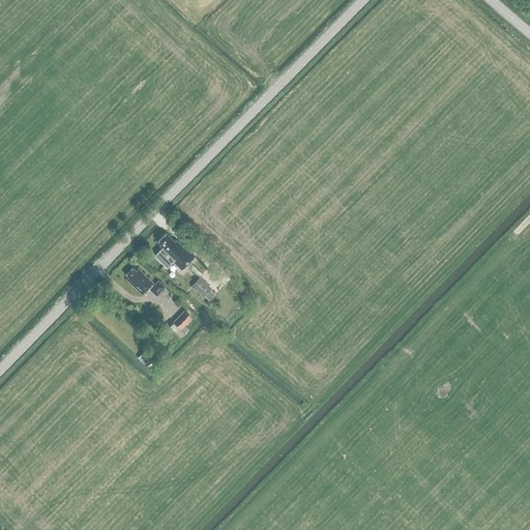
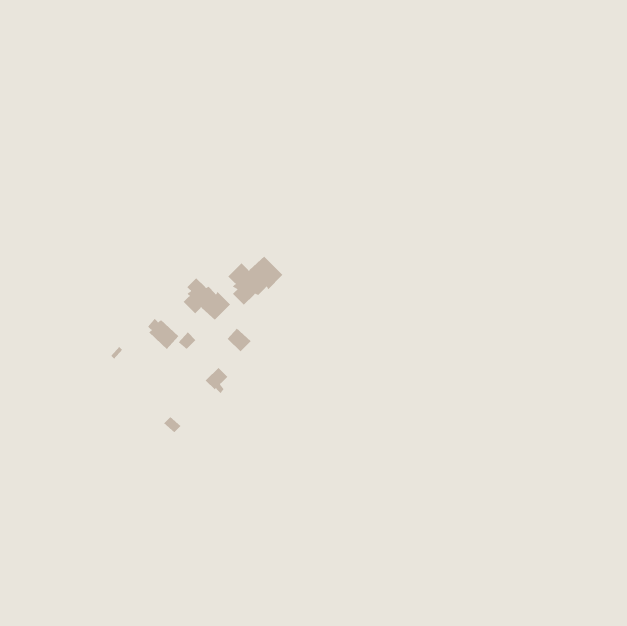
building: none -> [227,256,283,306]

